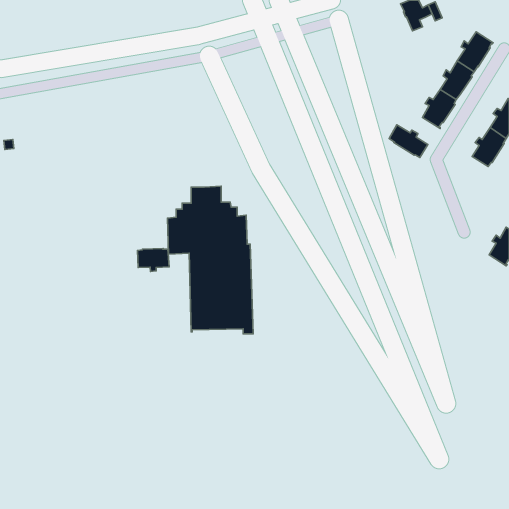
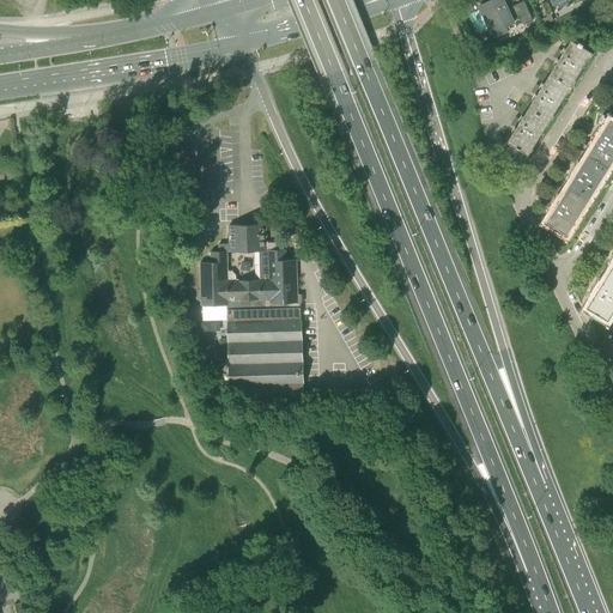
building: [389,125,428,157] -> none
building: none -> [546,188,587,235]
building: [138,249,169,272] -> none

